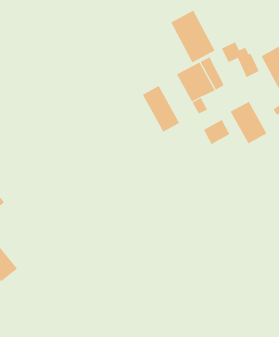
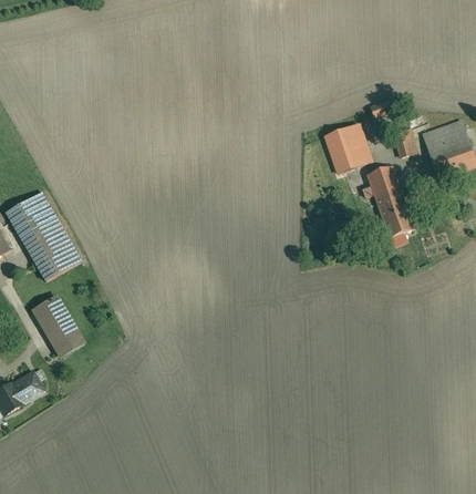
building: [171,10,215,63] -> none
building: [142,85,180,133] -> none
building: [203,119,230,145] -> [368,165,400,194]

